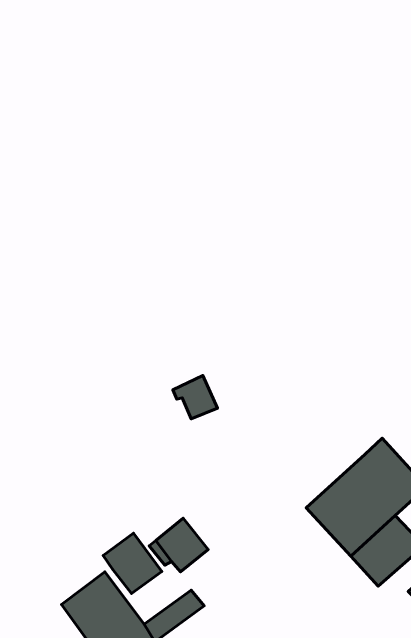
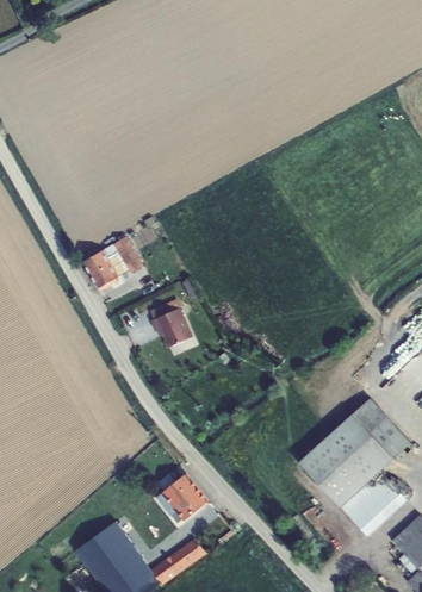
building: none -> [81,236,141,287]
building: [173,376,217,419] -> [150,306,191,345]
building: [103,533,162,594] -> none

